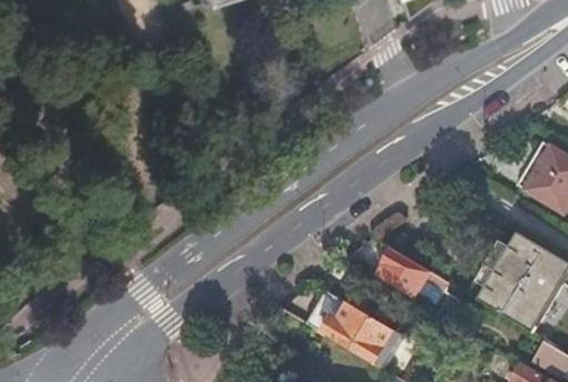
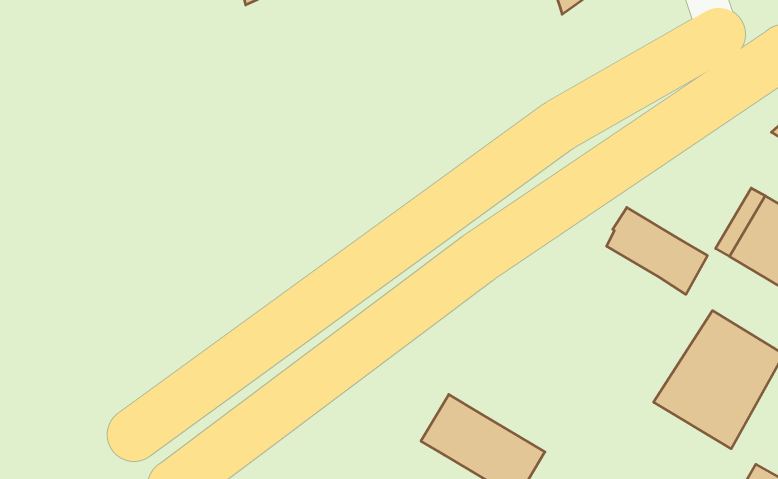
building: [381,249,453,311] -> [607,207,707,294]

